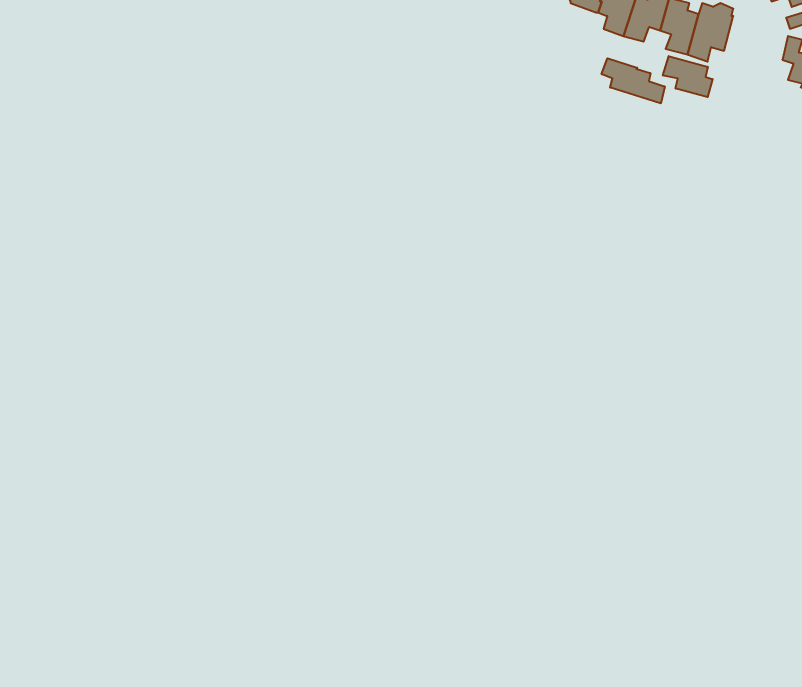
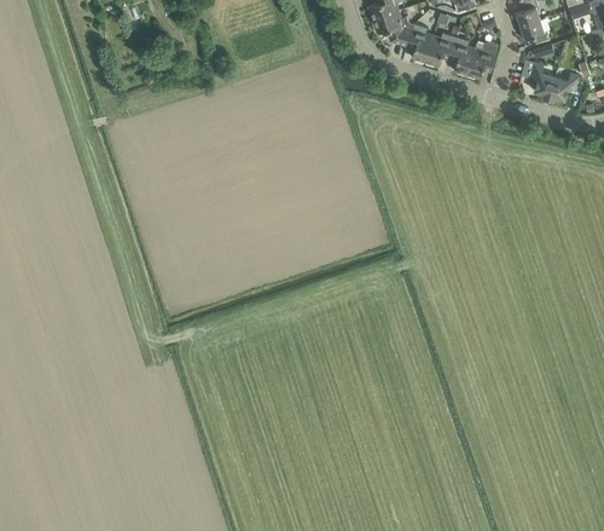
building: [663,56,713,97] -> none
building: [602,58,665,103] -> none

